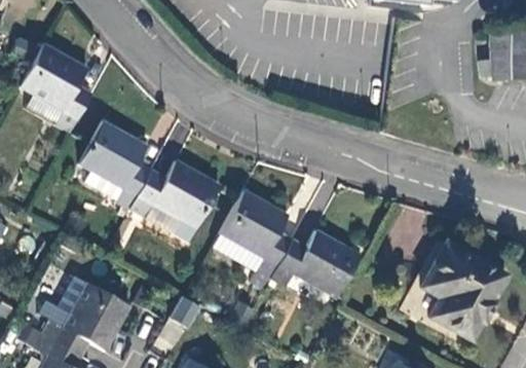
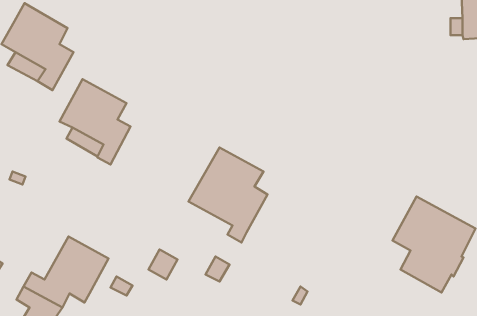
building: [132,160,220,240] -> none
building: [271,230,361,297] -> none
building: [38,273,88,326] -> none

